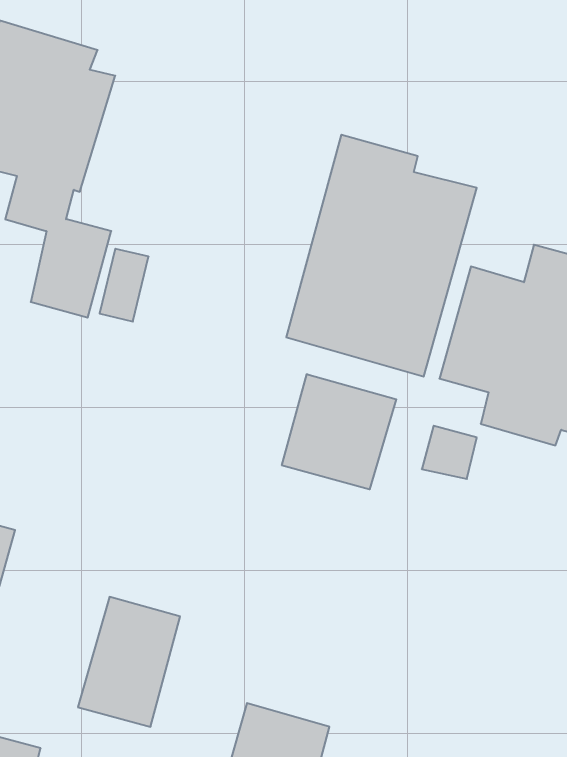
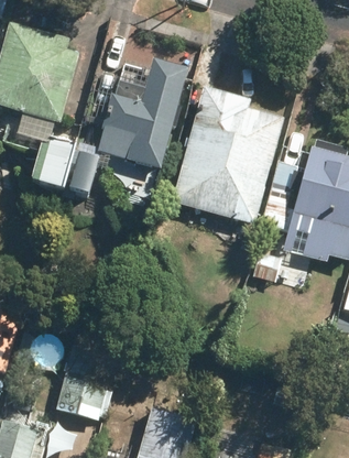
building: none -> [81,59,184,166]
building: [282,374,396,489] -> none

